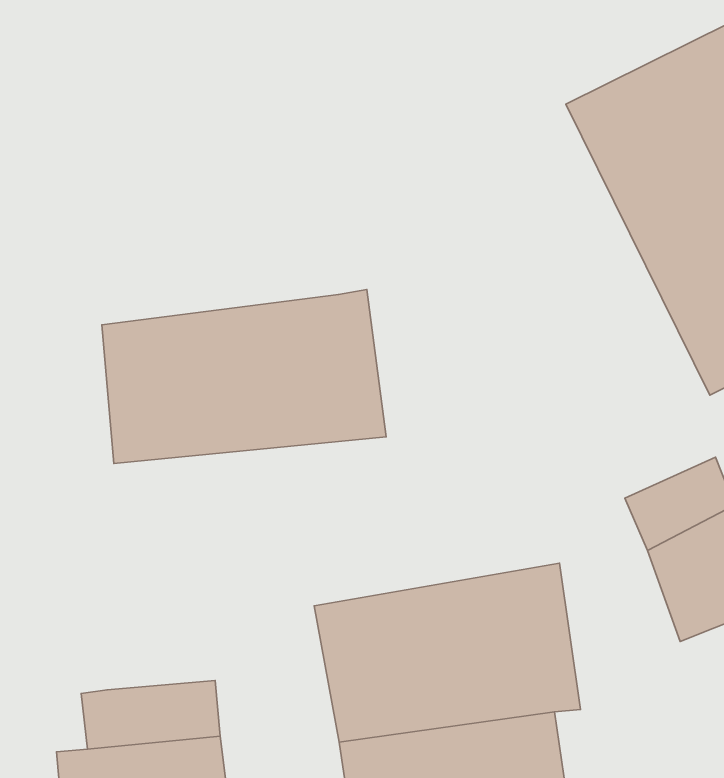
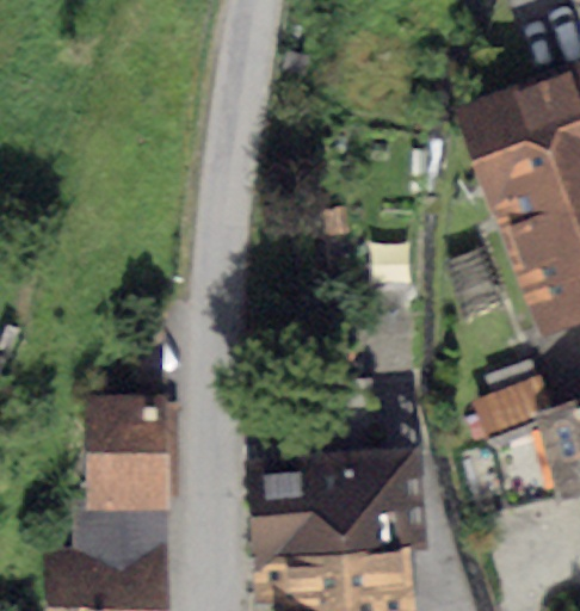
building: [102,290,386,464] -> none
building: none -> [86,395,171,506]

